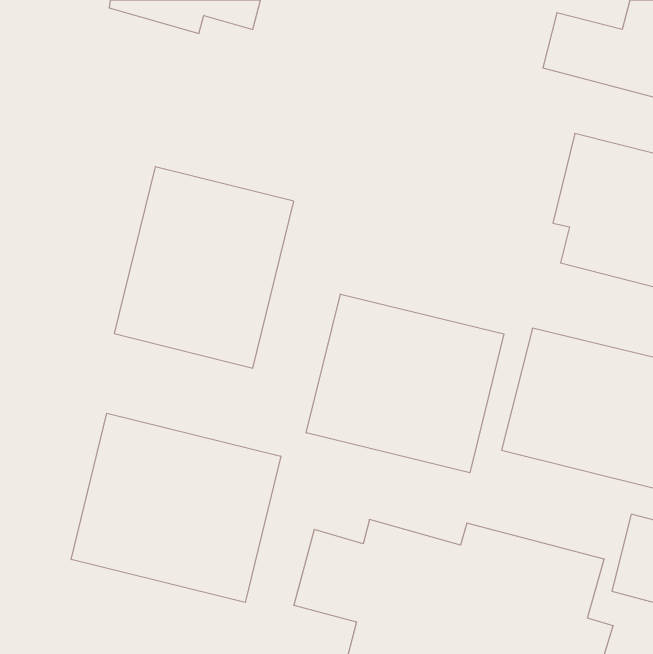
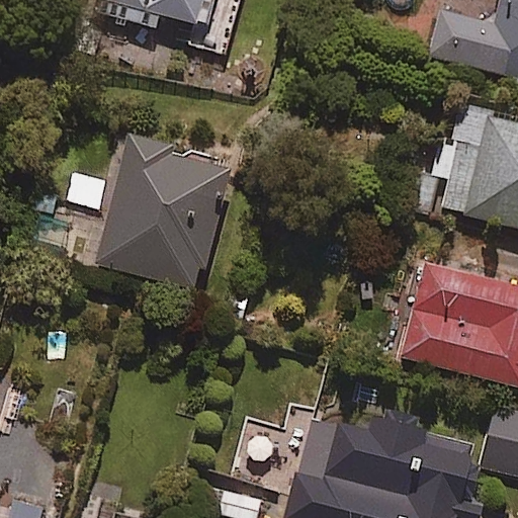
building: [306,294,504,473] -> none
building: [71,413,281,602] -> none

